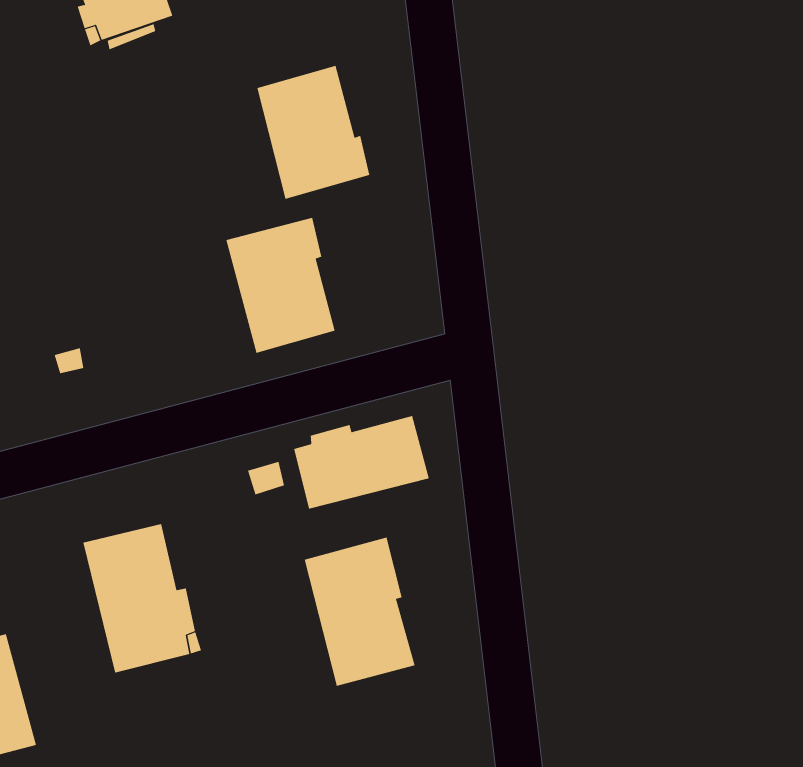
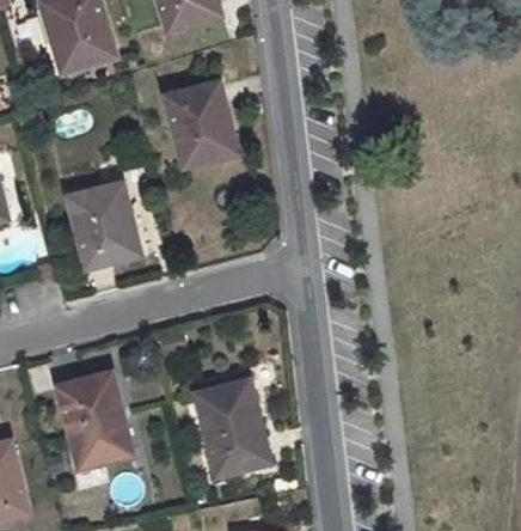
building: [226,217,335,354] -> [68,183,137,269]
building: [294,415,429,510] -> none

